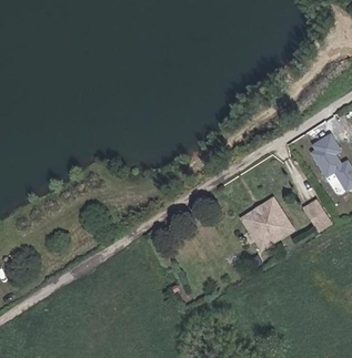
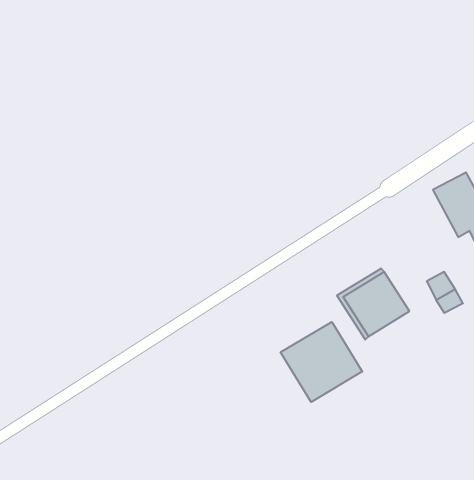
building: none -> [281,322,362,402]

